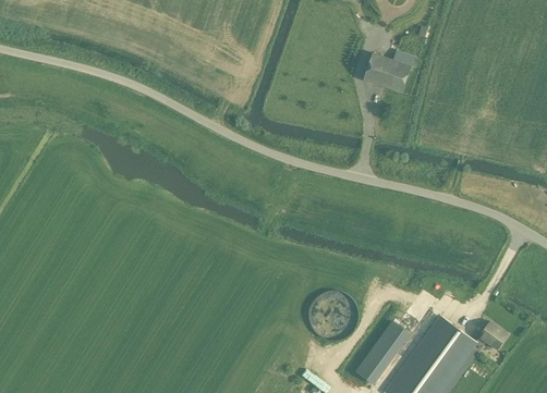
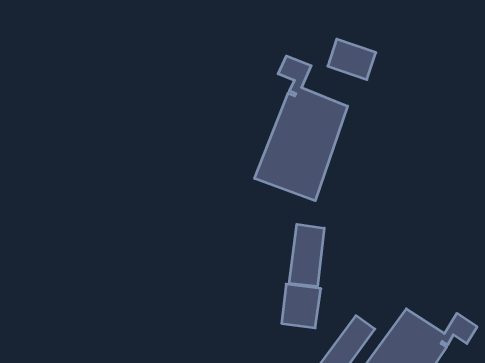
building: none -> [255,56,348,201]
building: none -> [289,224,324,287]

